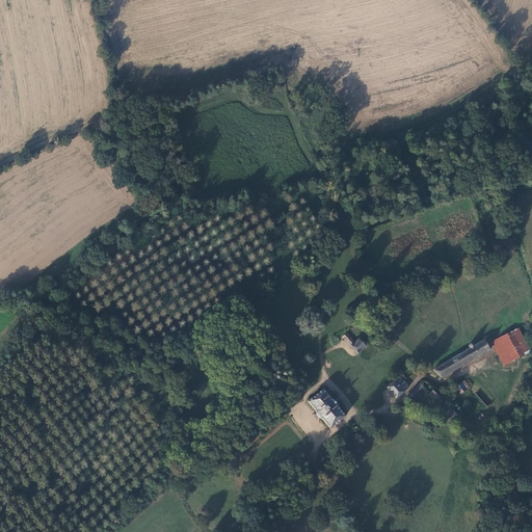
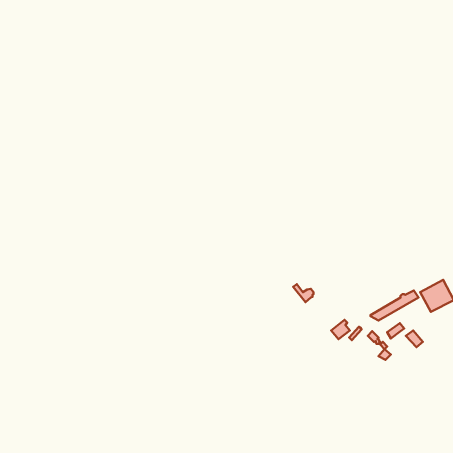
building: [309,389,346,428] -> none

